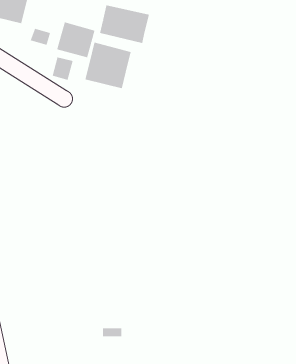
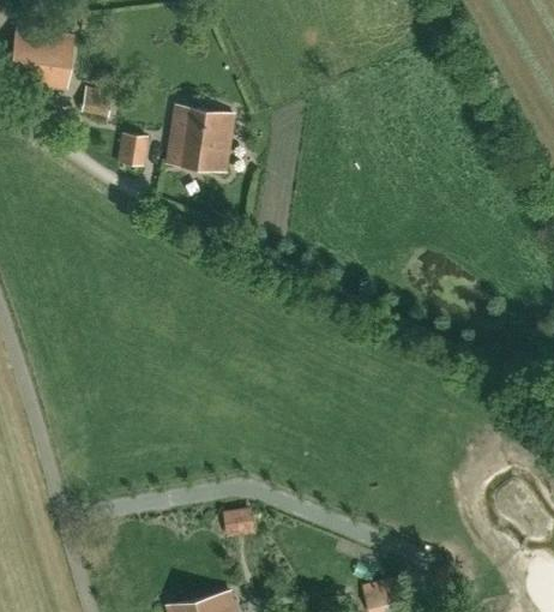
building: [99,5,150,44] -> none
building: [56,21,95,58] -> none

